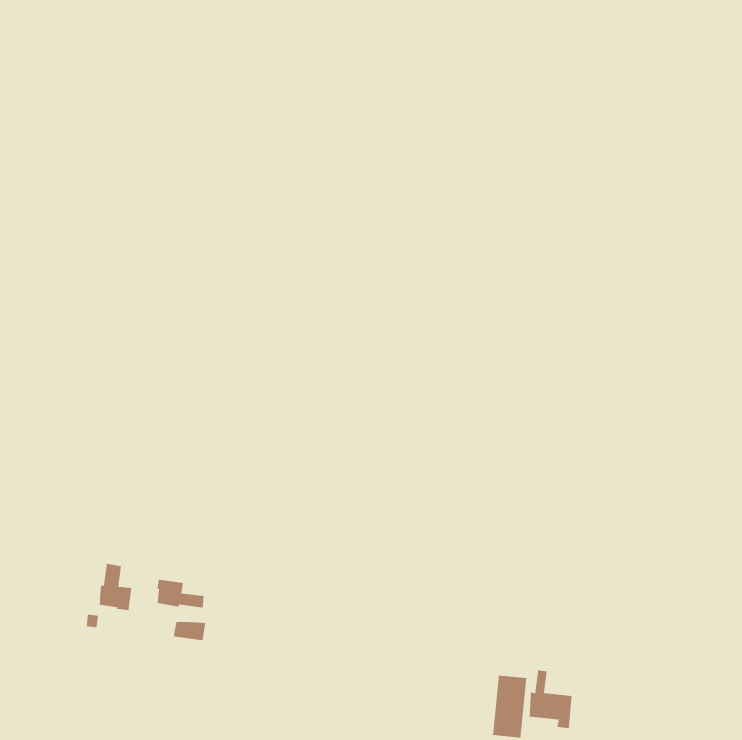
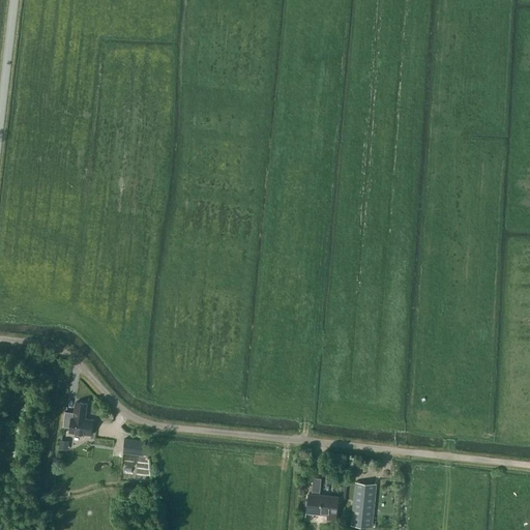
building: [157,579,204,608] -> none
building: [529,669,572,729] -> [307,478,338,521]

